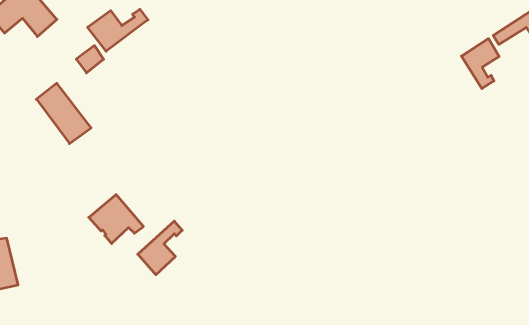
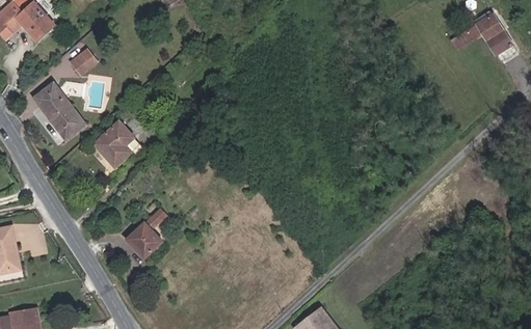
building: [88,9,148,51] -> none
building: [461,39,499,89] -> none
building: [89,195,143,244] -> [94,122,143,167]

